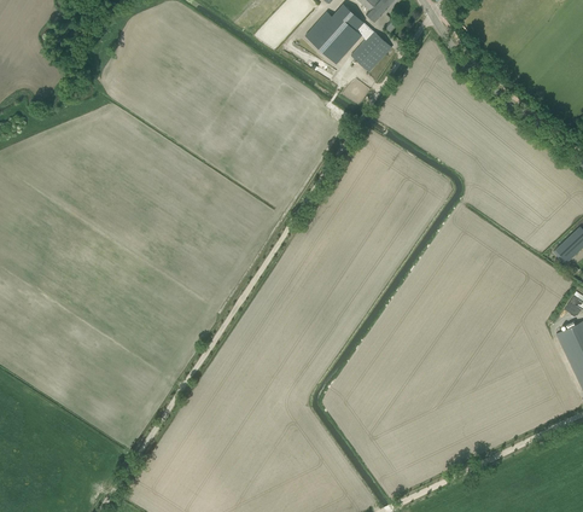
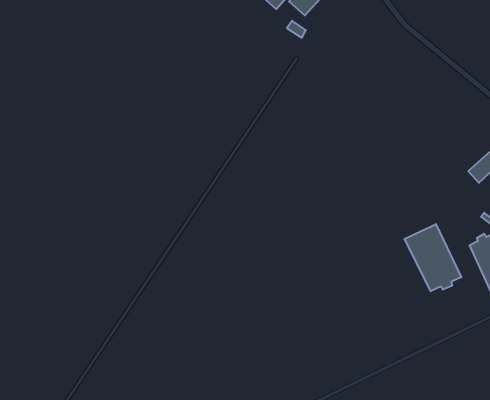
building: none -> [404,224,461,291]

